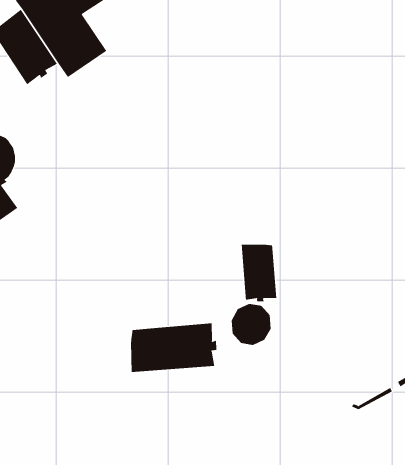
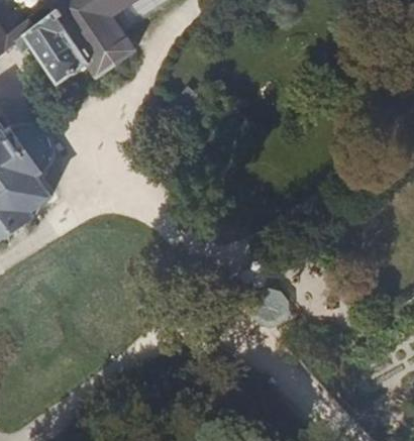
building: [241,244,277,302] -> none
building: [131,323,217,373] -> none

